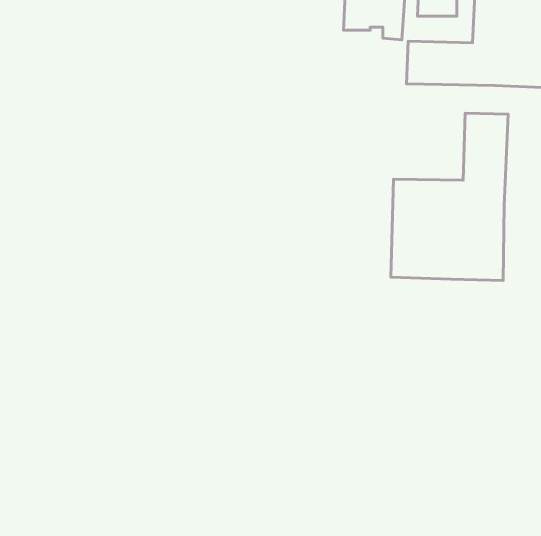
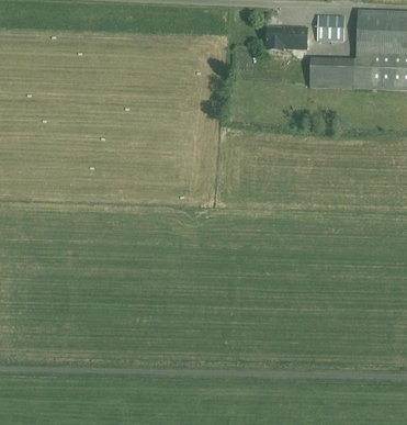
building: [391,113,508,281] -> none

